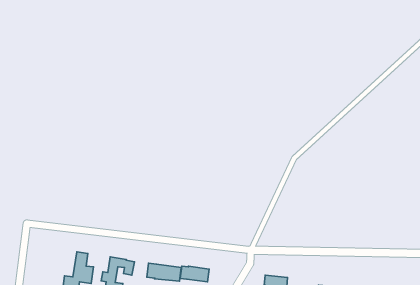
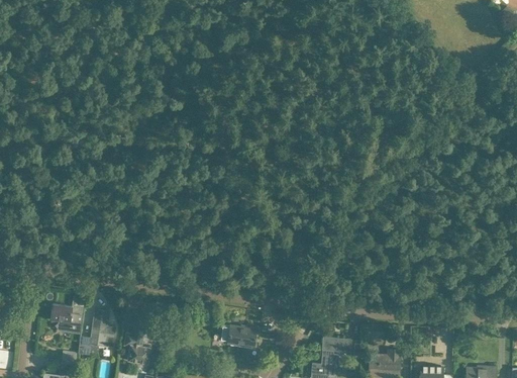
building: none -> [50,304,83,335]
building: [147,263,181,281] -> none

